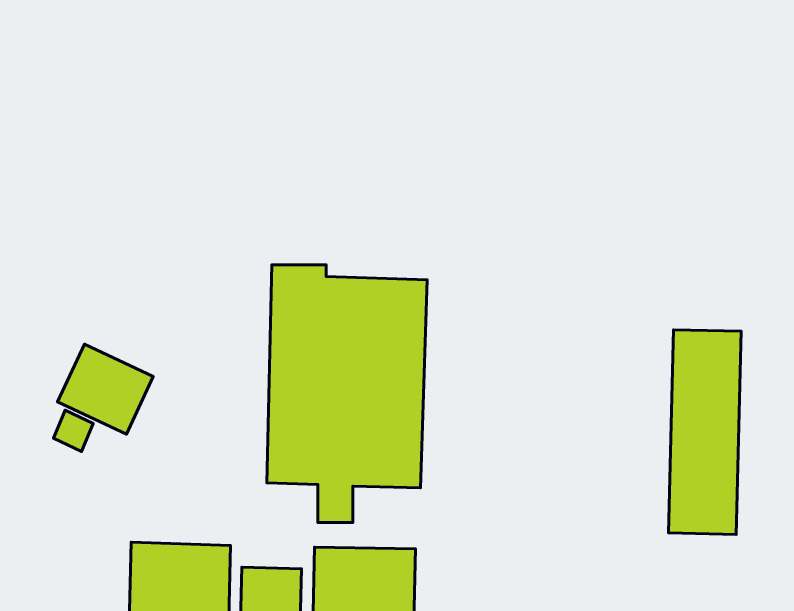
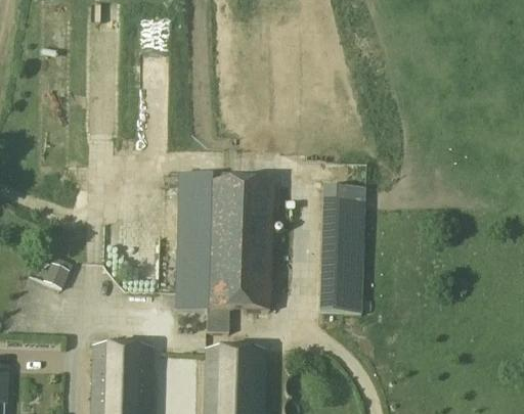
building: [669,330,741,534] -> [320,183,365,310]
building: [58,344,153,434] -> none

